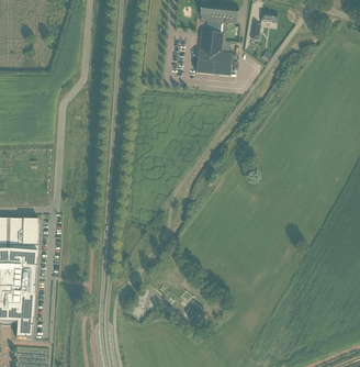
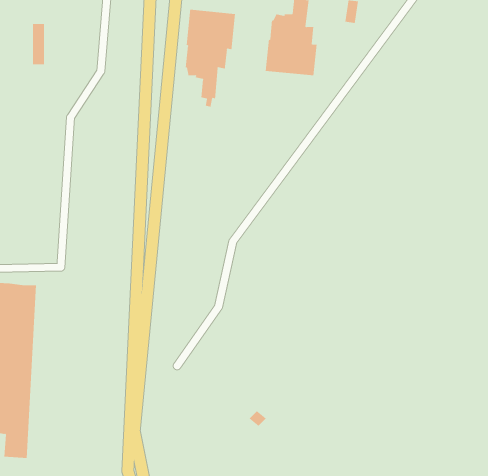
building: none -> [185,9,235,108]

